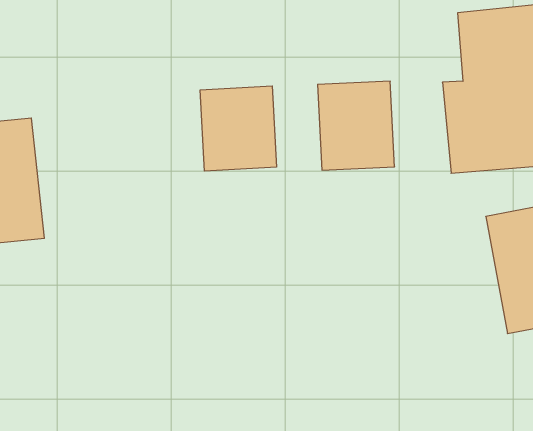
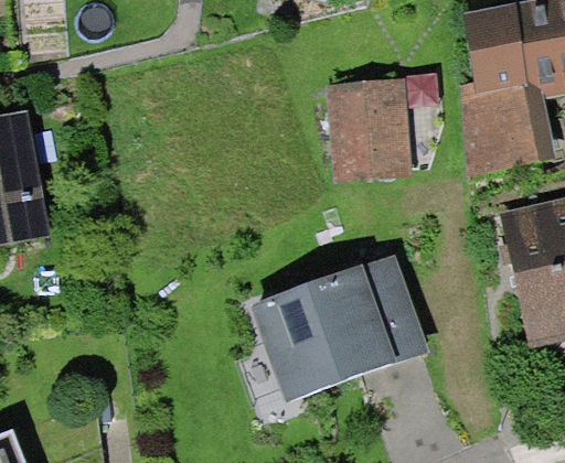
building: [200,86,276,171] -> none
building: none -> [237,255,413,397]

